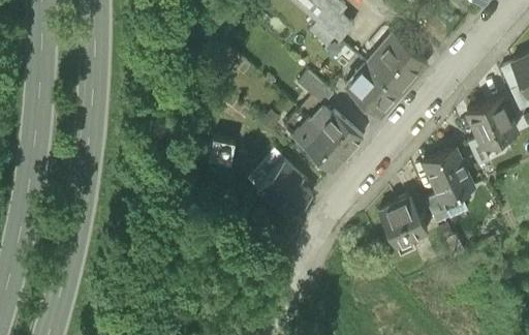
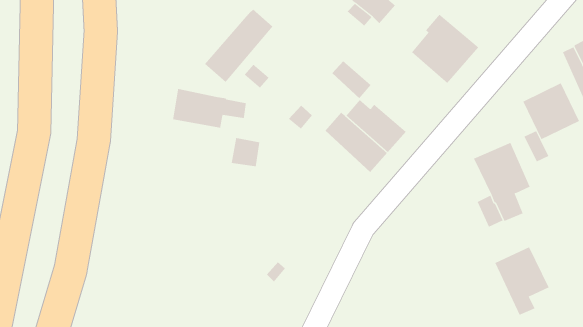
building: none -> [204,9,273,83]
building: [345,64,400,118] -> none
building: none -> [173,88,247,129]
building: [248,155,312,221] -> none
building: [379,196,428,257] -> [495,247,550,315]

